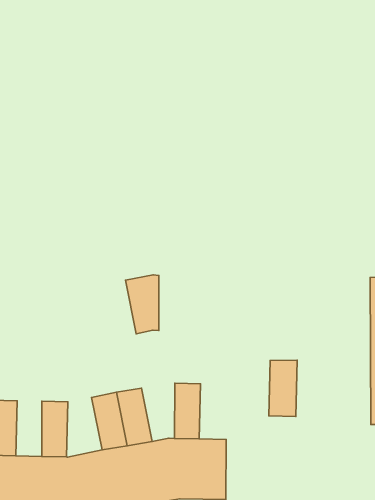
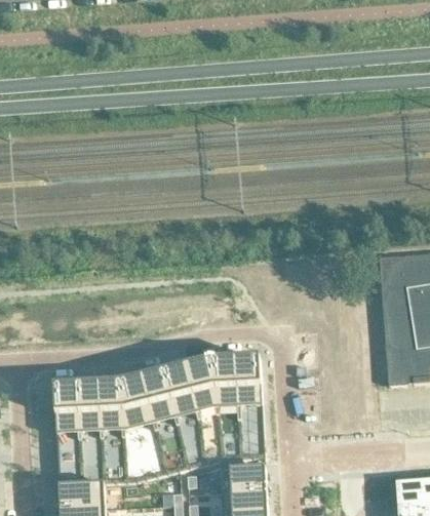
building: [126,275,159,334] -> [186,358,218,410]
building: [269,360,297,416] -> [237,355,263,405]
building: none -> [122,375,155,429]
building: none -> [78,382,103,431]

